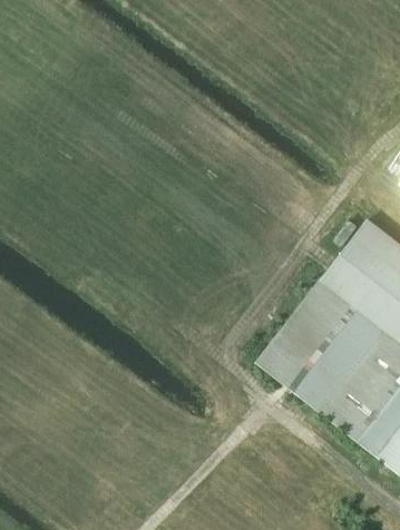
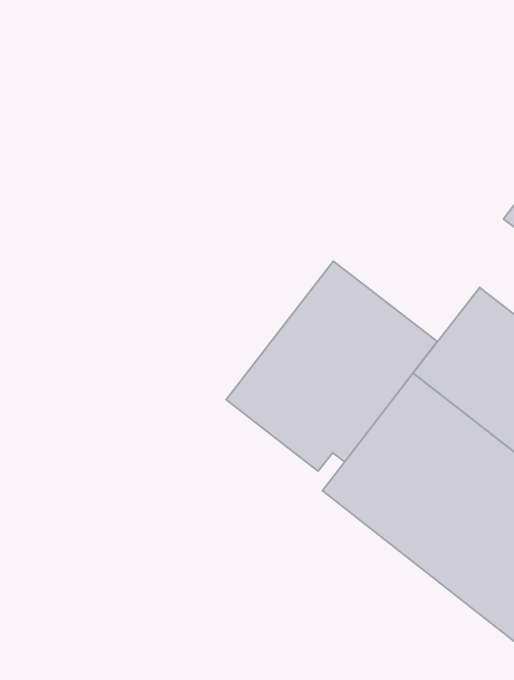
building: none -> [226,261,437,471]

